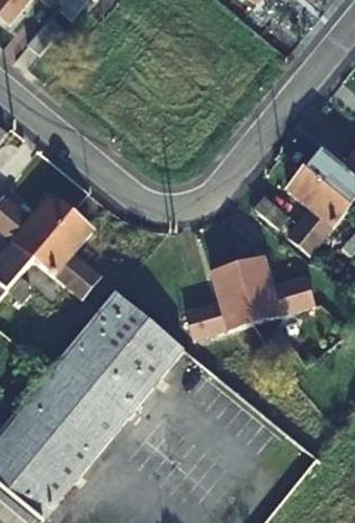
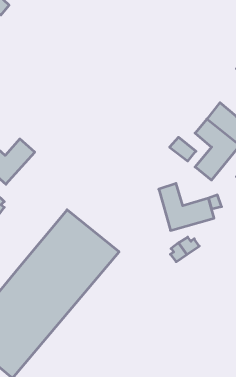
building: [31,215,96,298] -> none
building: [185,265,253,338] -> none

